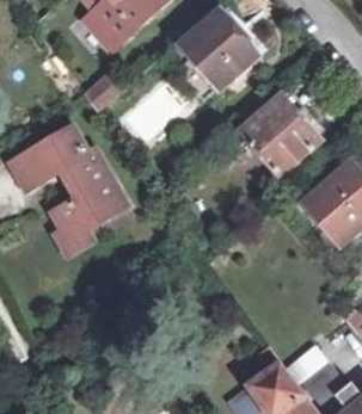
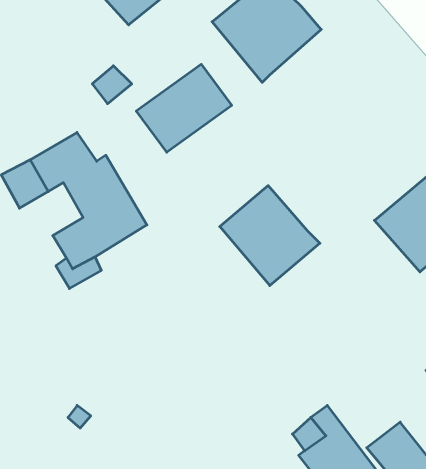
building: [240,95,319,174] -> [220,186,320,286]

